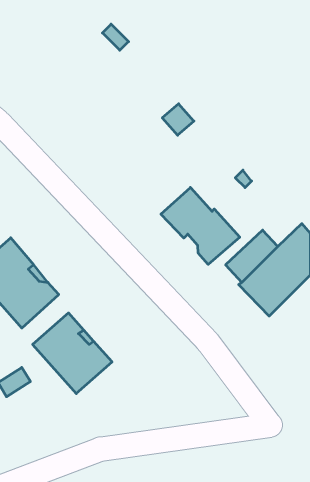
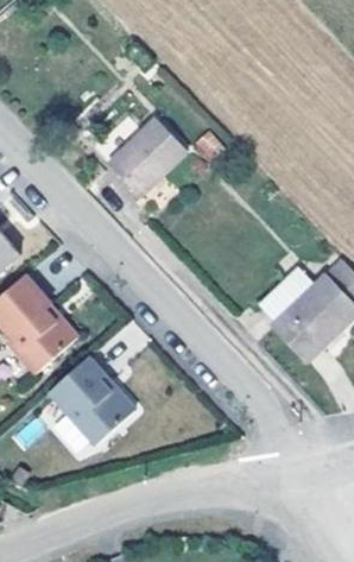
building: none -> [108,118,187,195]
building: [161,187,240,264] -> none

